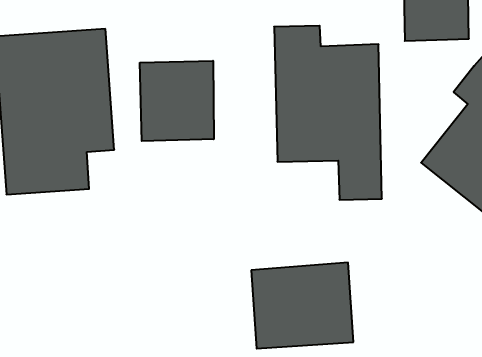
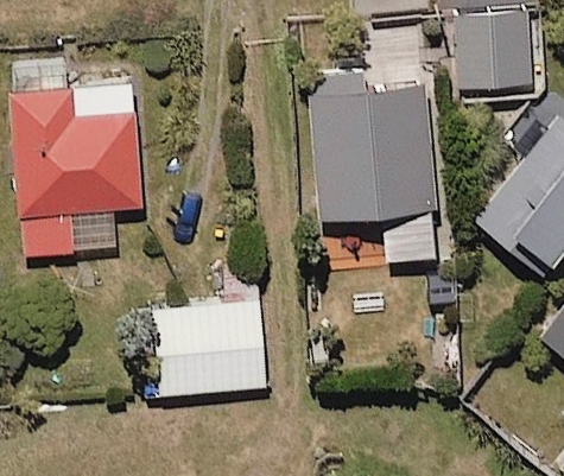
building: [140,61,214,141] -> none
building: [251,263,353,349] -> [153,302,265,395]

